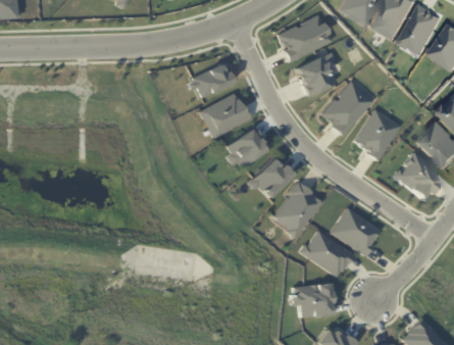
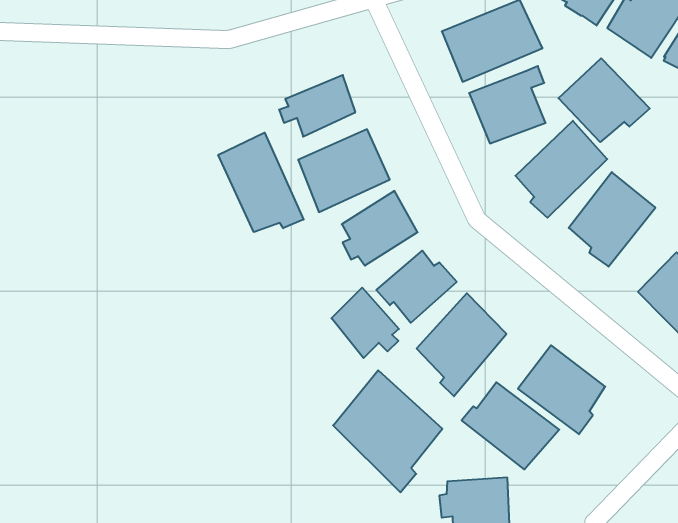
building: none -> [558,58,650,142]
building: none -> [218,133,304,232]
building: none -> [331,288,399,358]
building: none -> [333,370,442,492]

